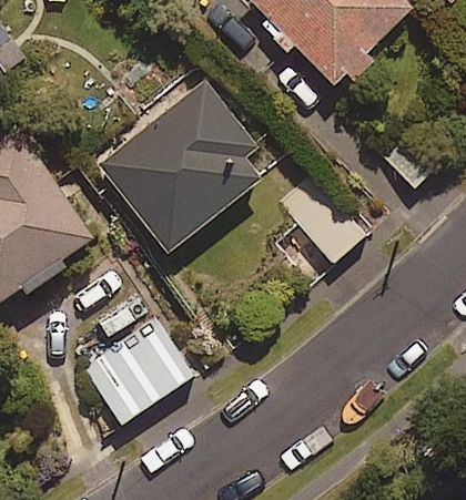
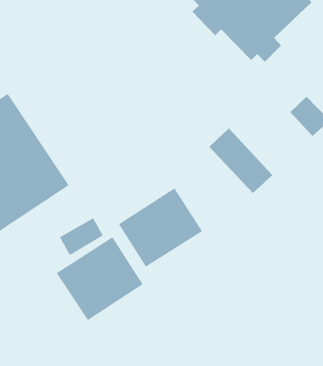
building: [97,78,262,254] -> none
building: none -> [118,188,203,267]

